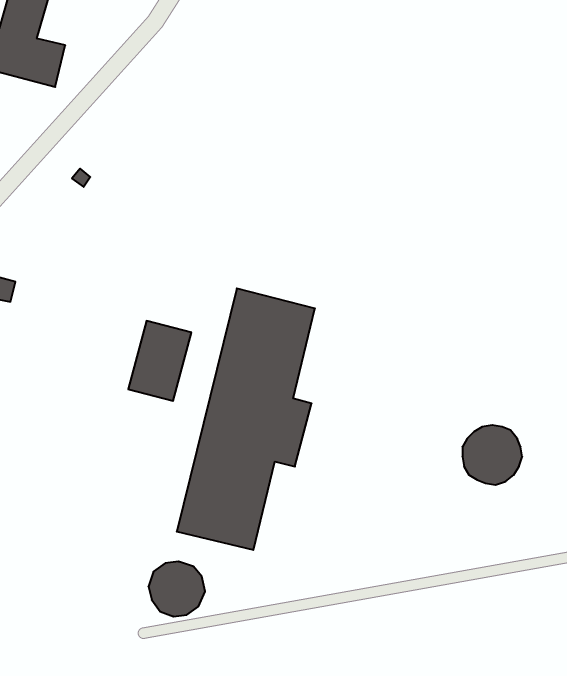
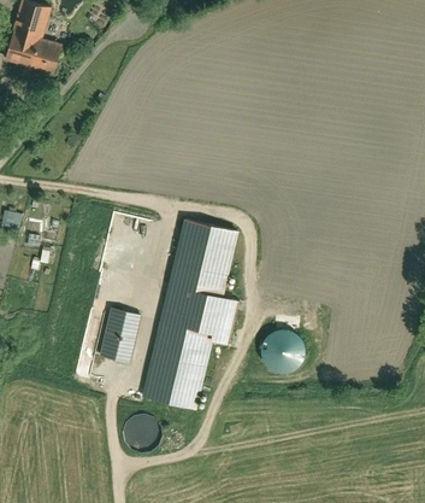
building: [128,321,191,401] -> [95,305,141,363]
building: [462,425,522,485] -> [262,329,306,373]

